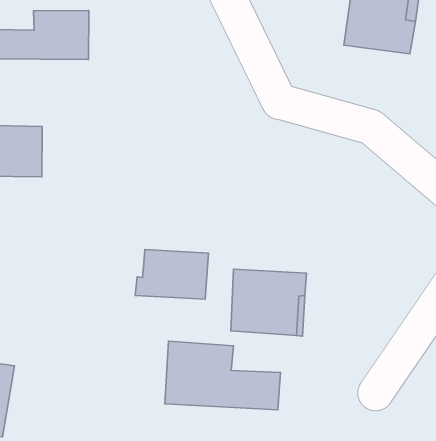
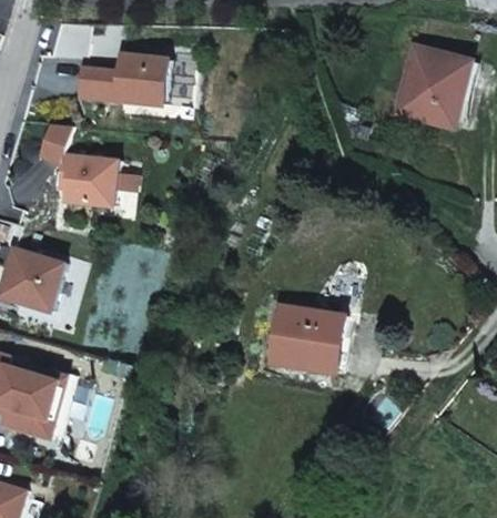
building: [135,250,208,299] -> none
building: [165,341,281,410] -> none

